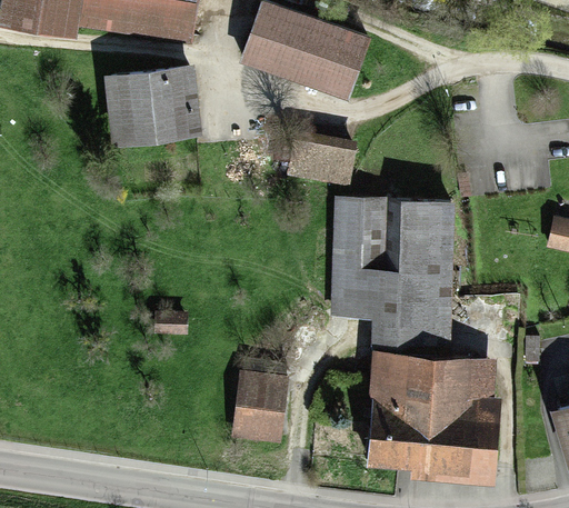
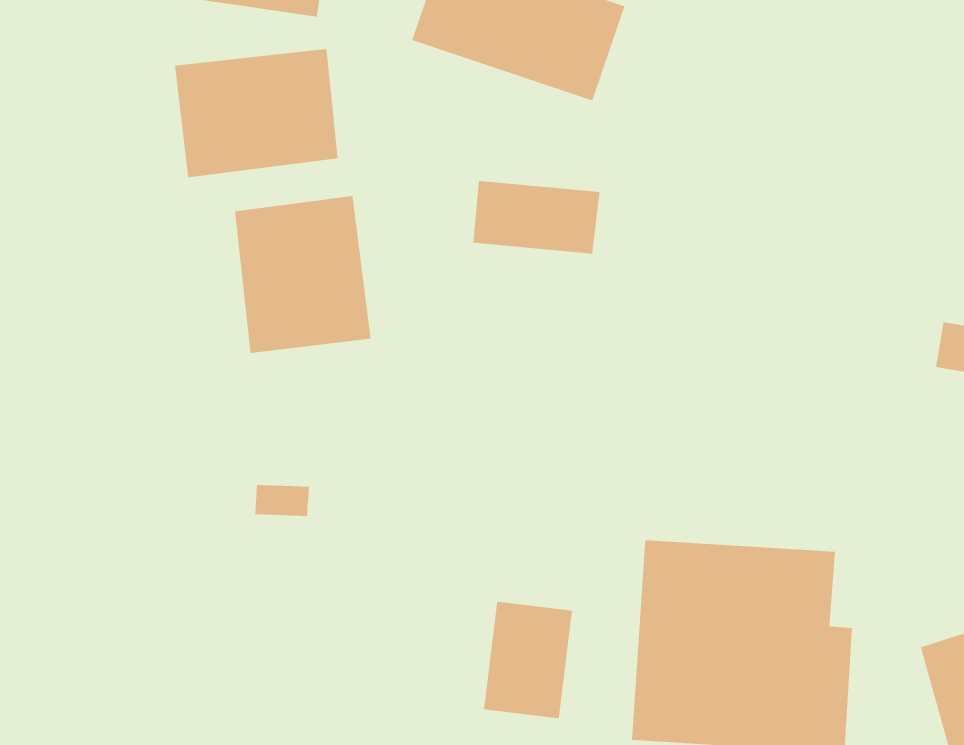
building: none -> [234,195,371,354]
building: [337,198,451,340] -> none
building: [234,375,287,444] -> [483,601,573,719]

